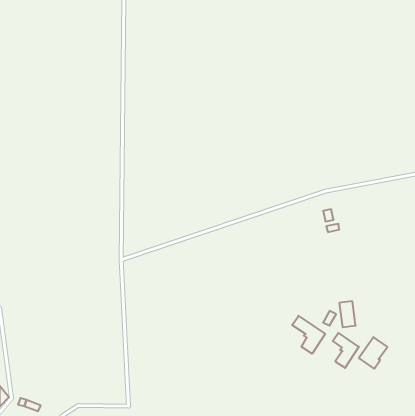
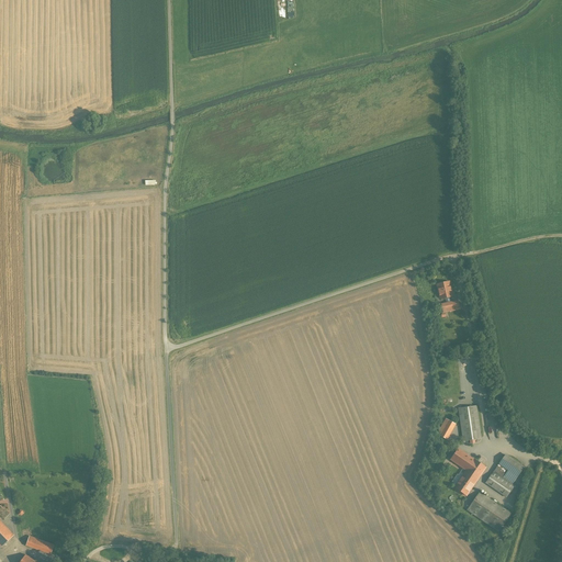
building: [292,316,325,354] -> none
building: none -> [465,492,509,531]

